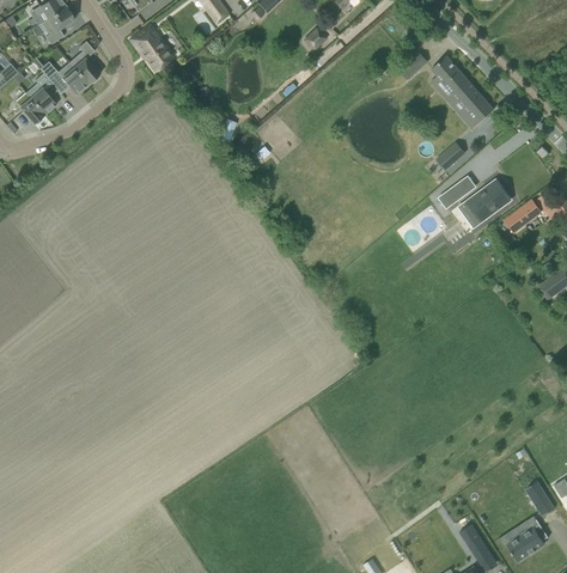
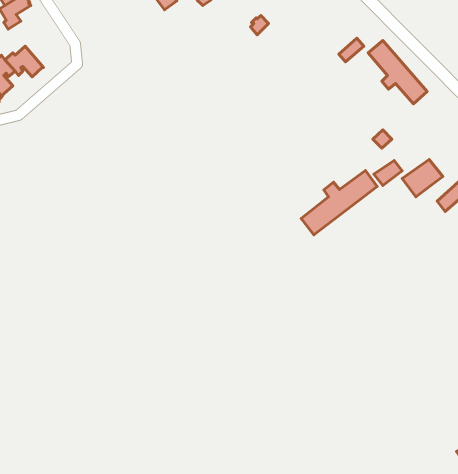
building: [129,24,172,71] -> none
building: [68,39,98,84] -> none
building: none -> [301,170,377,235]

